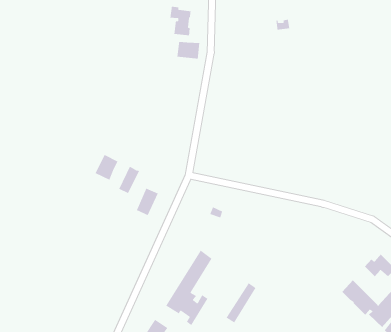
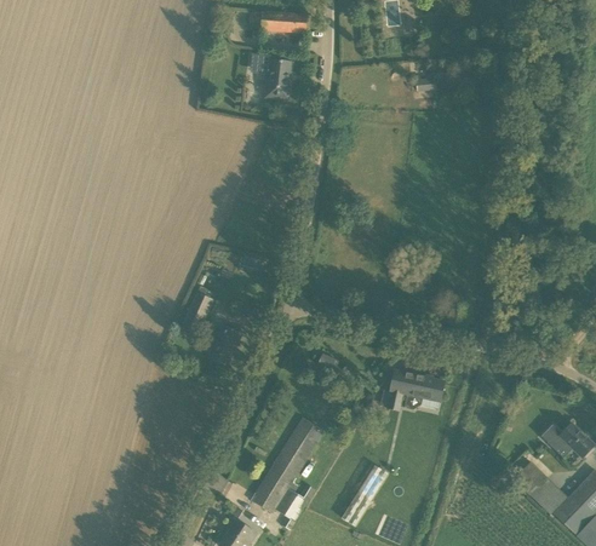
building: [177,41,200,60] -> none
building: [94,154,118,181] -> none
building: none -> [385,369,443,410]

